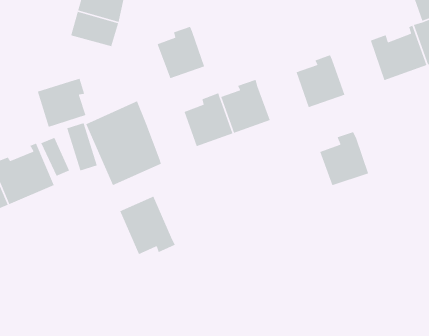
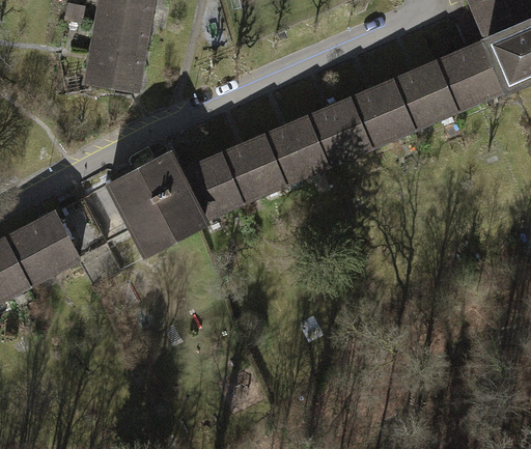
building: [156,26,205,79] -> [183,155,242,219]
building: none -> [394,61,455,128]
building: [37,78,86,128] -> none
building: [319,131,369,186] -> [309,97,369,164]
building: [119,195,176,255] -> none

